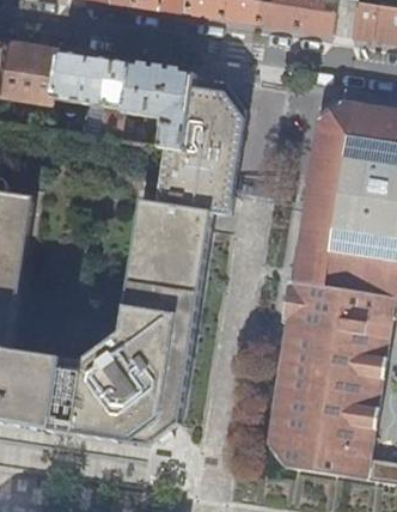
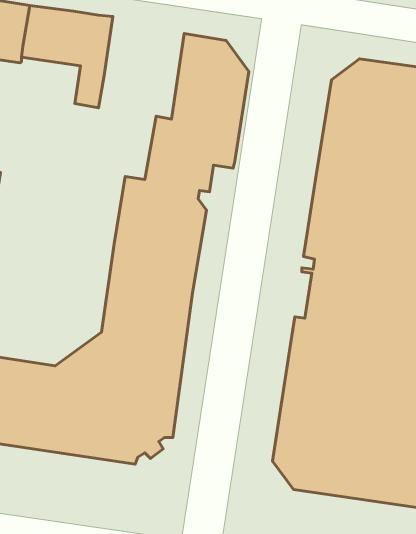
building: [116,65,189,152] -> none

